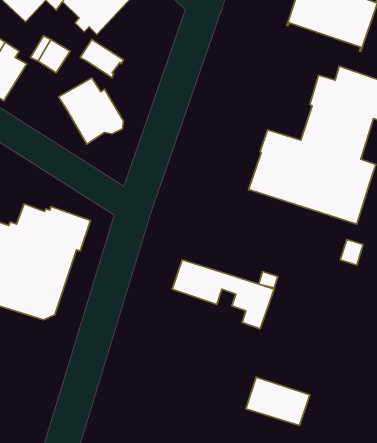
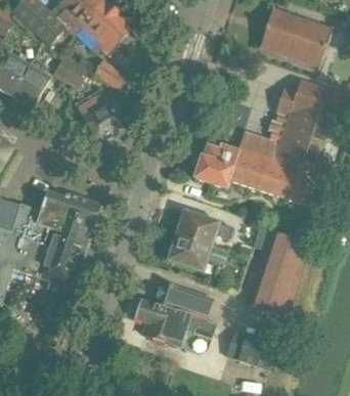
building: none -> [193,143,238,188]
building: none -> [175,210,232,247]
building: none -> [247,230,310,317]
building: none -> [134,280,216,346]

